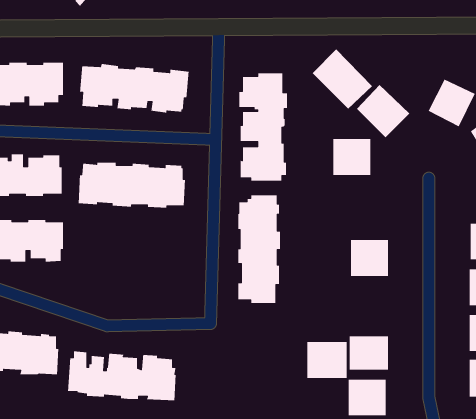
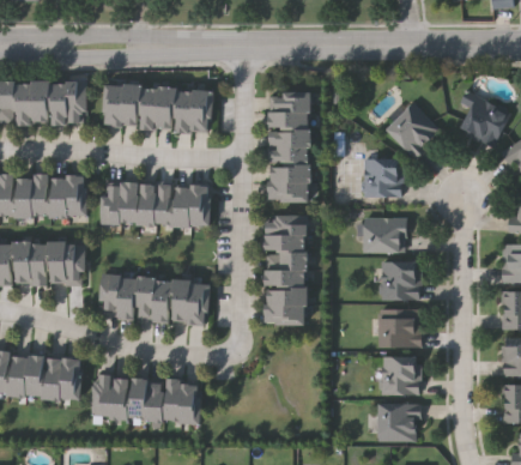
building: [312,48,373,109] -> none
building: none -> [362,217,405,250]
building: none -> [99,274,212,324]
building: [306,341,347,379] -> [380,308,422,346]

